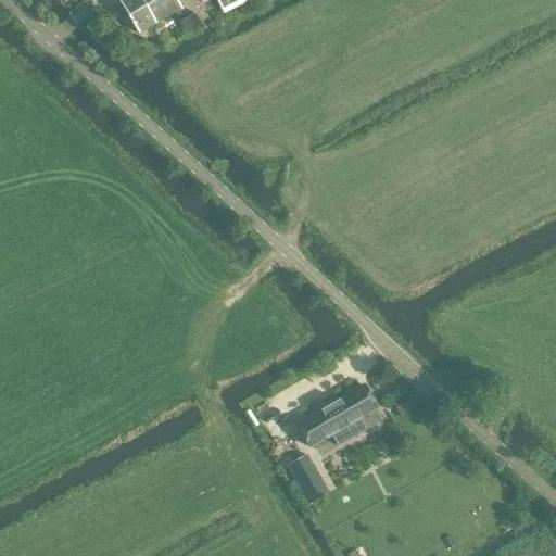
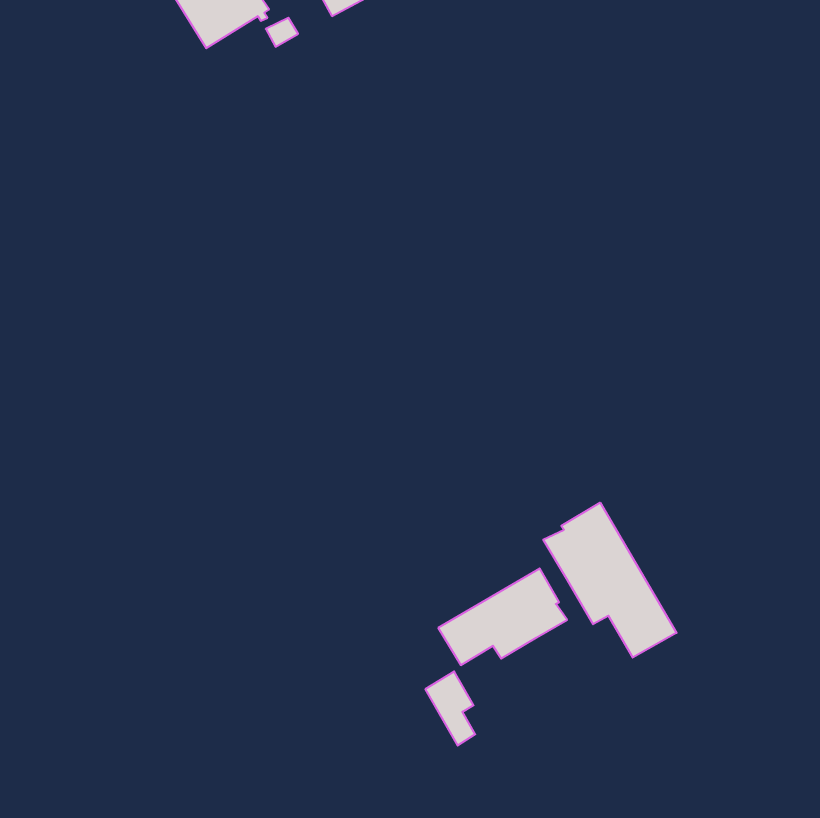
building: none -> [543,503,677,658]

